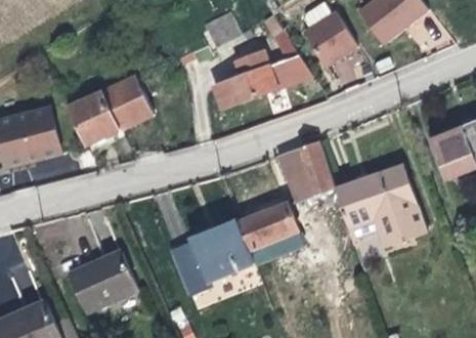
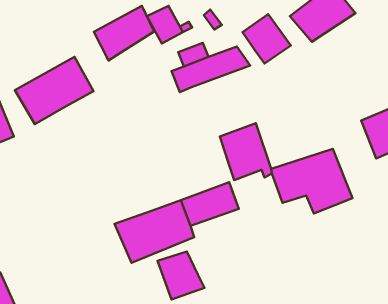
building: none -> [94,6,154,61]
building: [68,250,136,309] -> none
building: none -> [157,251,204,299]

